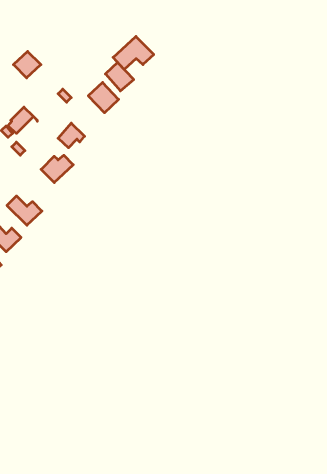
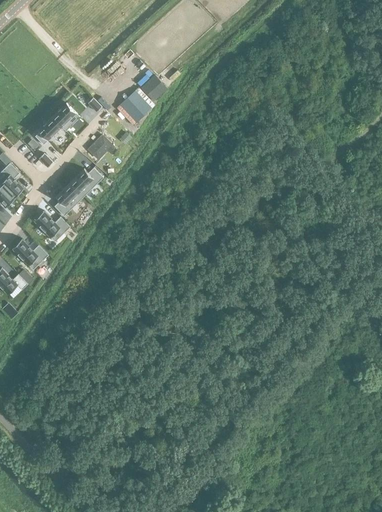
building: [113,36,154,70] -> none
building: [13,51,41,78] -> [52,103,81,131]
building: none -> [54,183,84,217]

